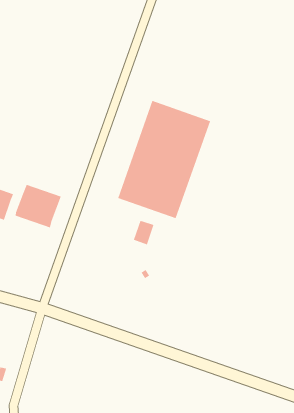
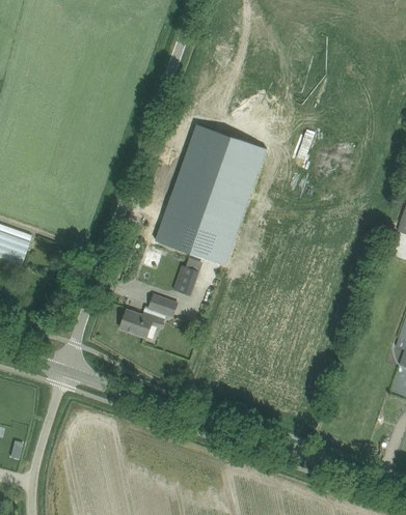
building: [15,184,62,229] -> none
building: none -> [120,295,178,338]

